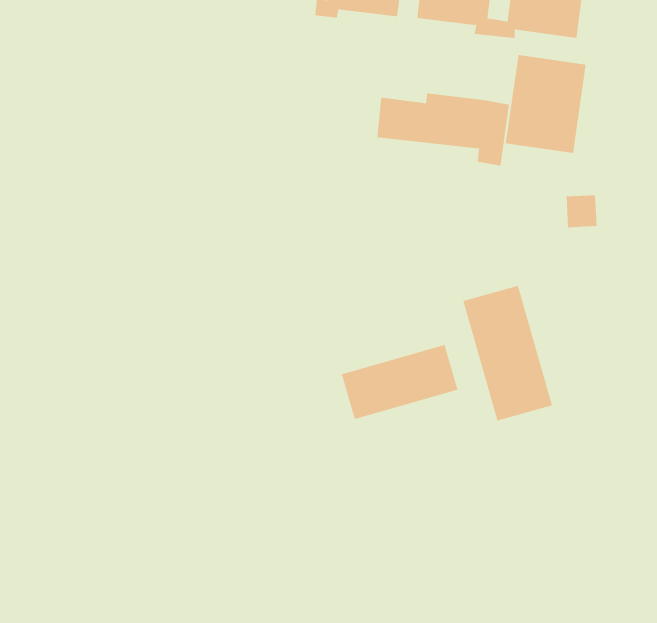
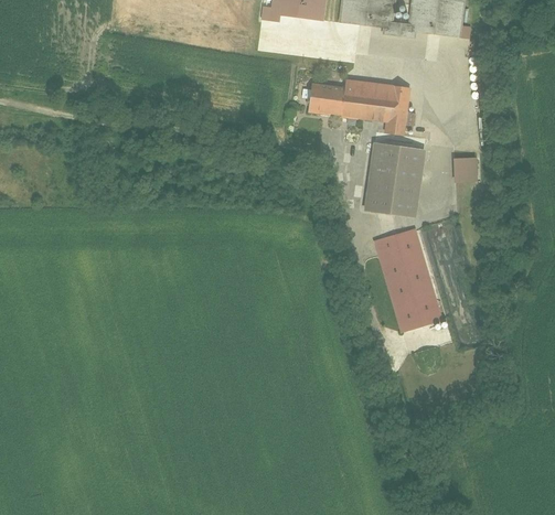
building: [505,55,587,153] -> [363,140,426,216]
building: [341,344,458,420] -> none

